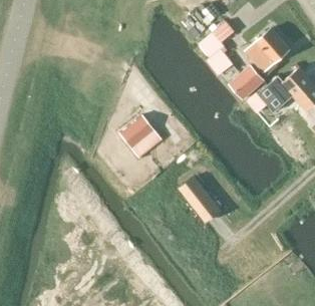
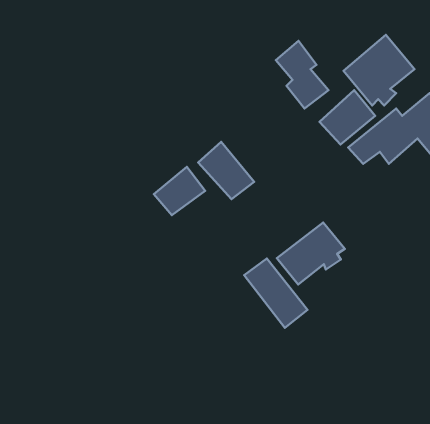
building: none -> [198,142,254,199]
building: none -> [277,222,345,285]

